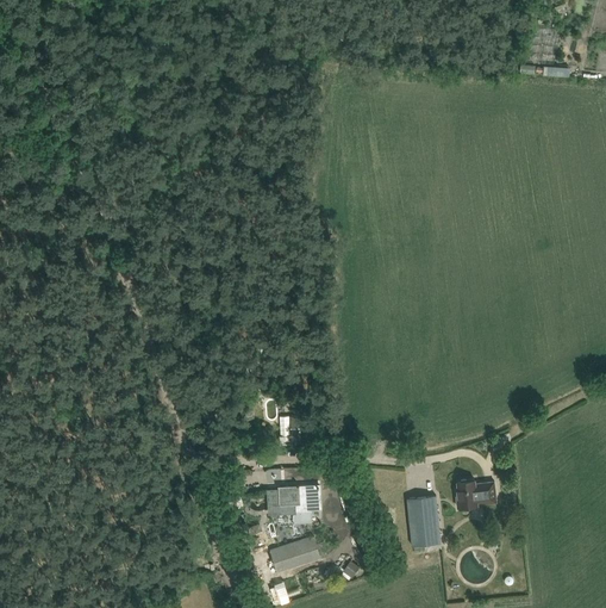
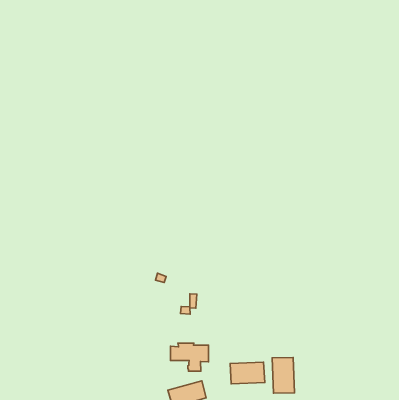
building: [455,480,495,507] -> none
building: none -> [230,362,265,384]

